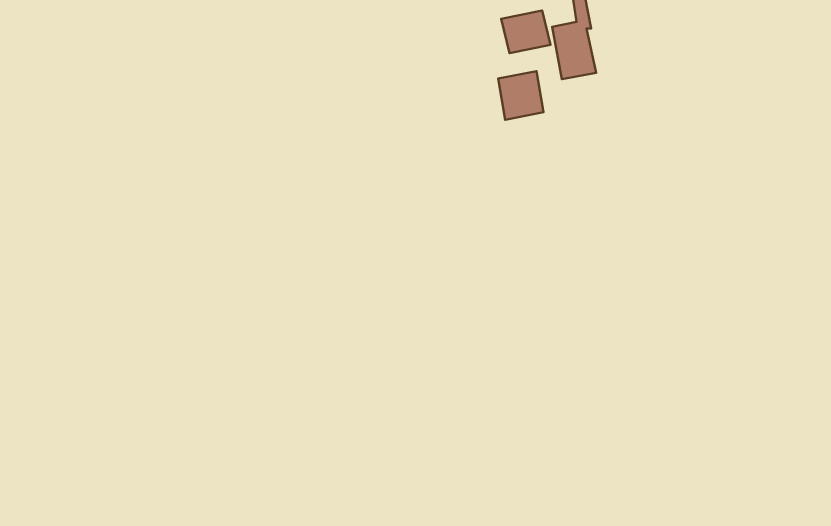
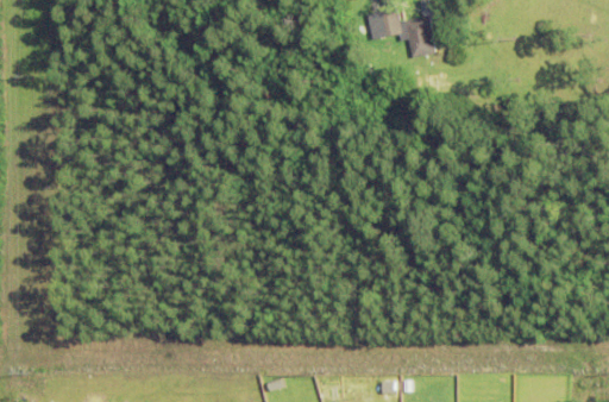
building: [498,71,543,120] -> none

